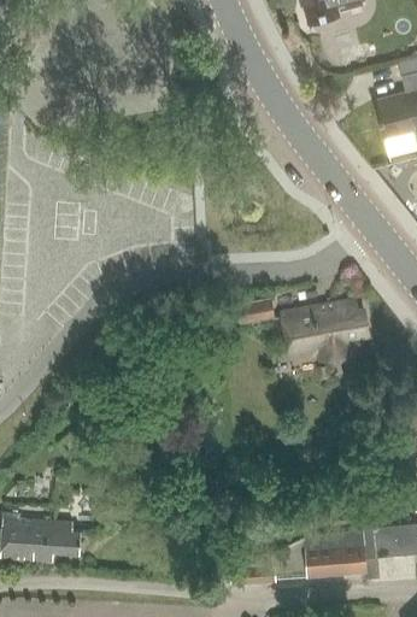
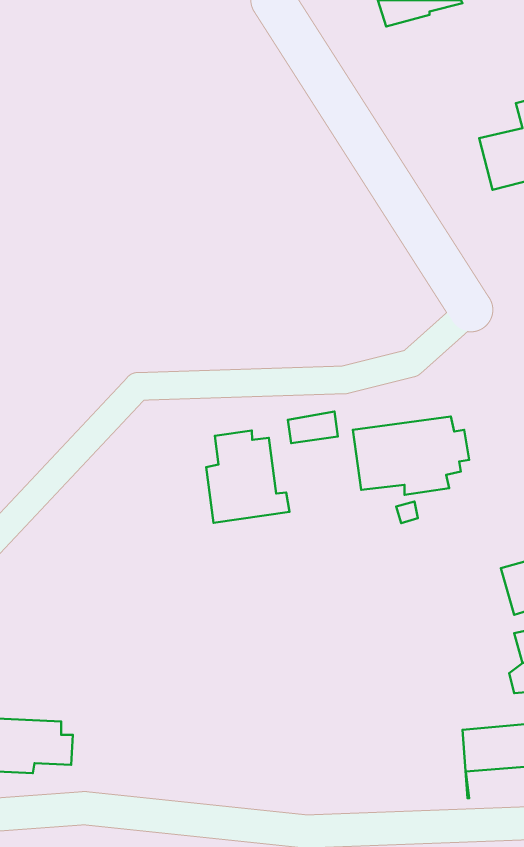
building: none -> [206,431,289,523]
building: [231,513,368,582] -> none

